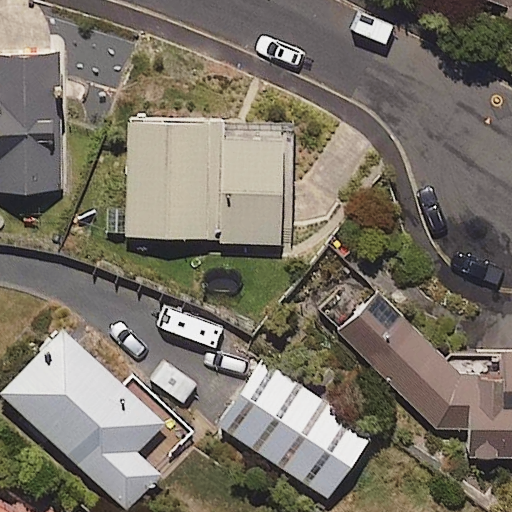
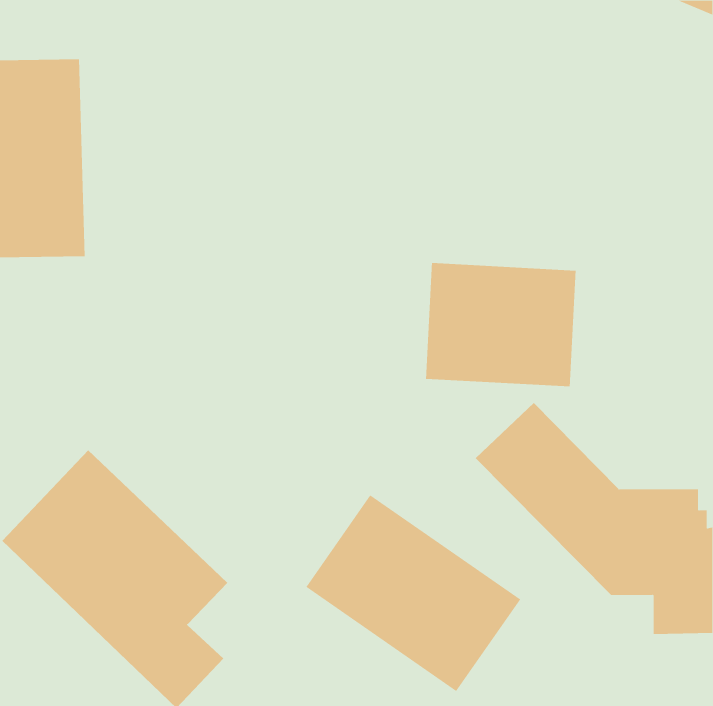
building: [124,118,289,245] -> none
building: none -> [425,262,576,387]

